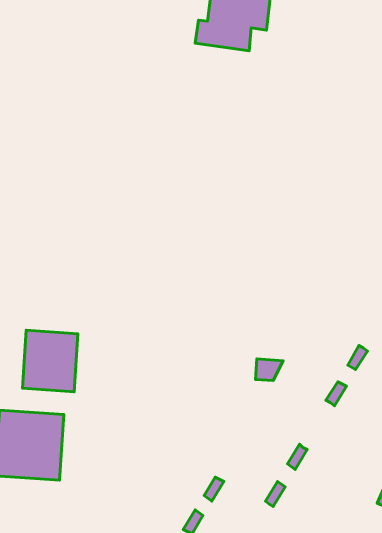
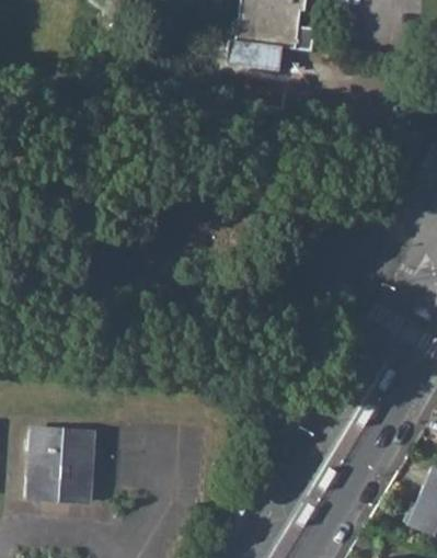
building: [22,330,78,392] -> none

